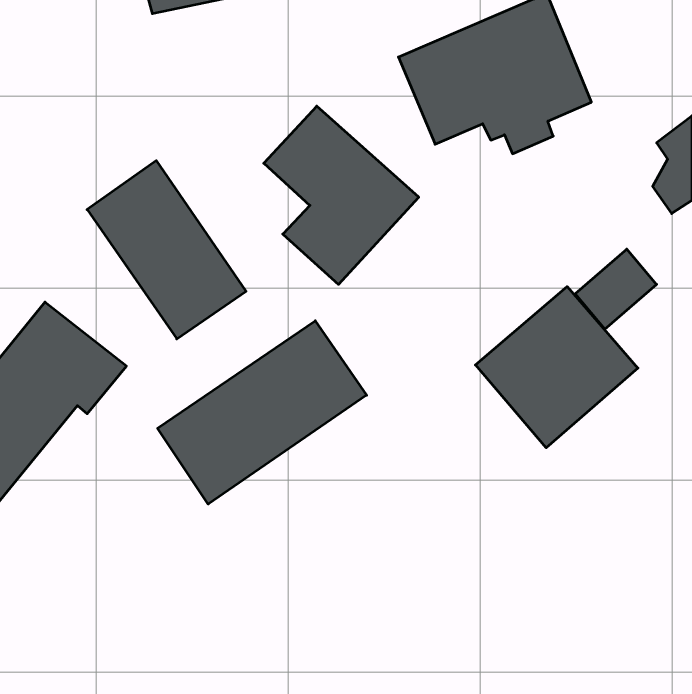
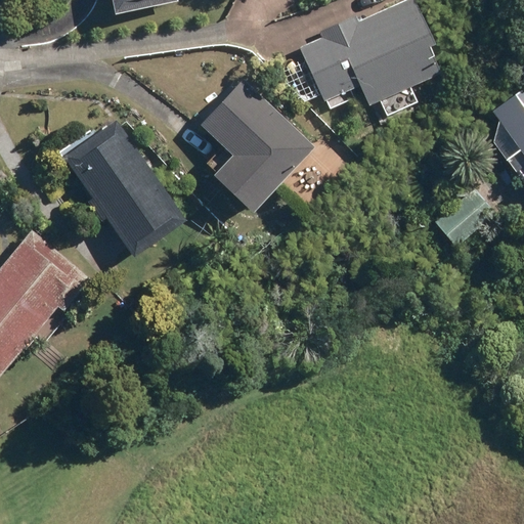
building: [475,287,638,448] -> none
building: [158,321,367,504] -> none

